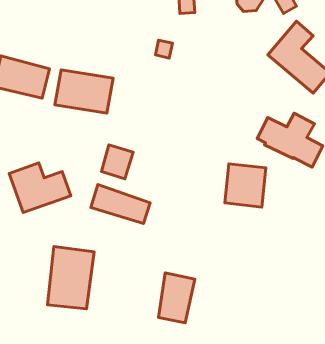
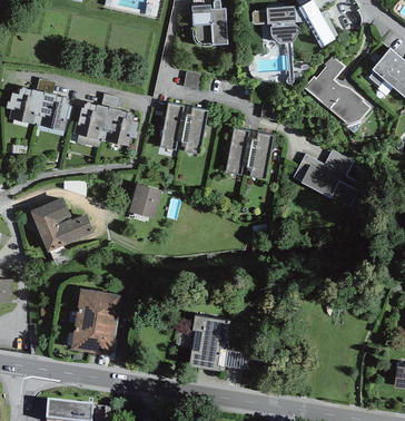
building: none -> [161,104,207,154]
building: [225,164,266,207] -> [229,130,273,176]
building: [91,184,150,223] -> none

